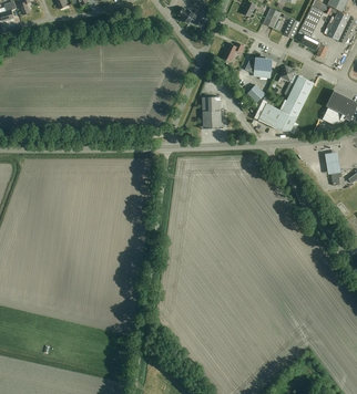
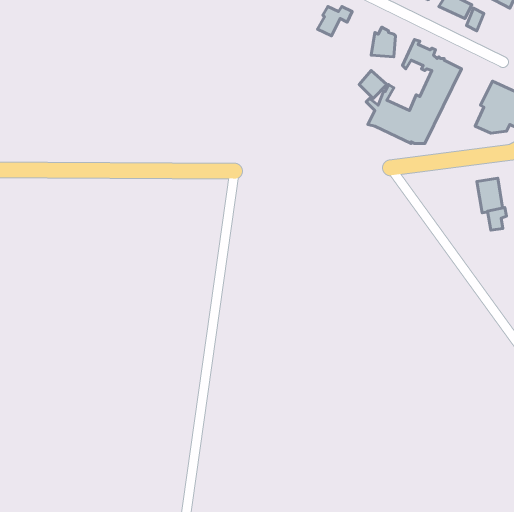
building: [203,95,221,124] -> none

